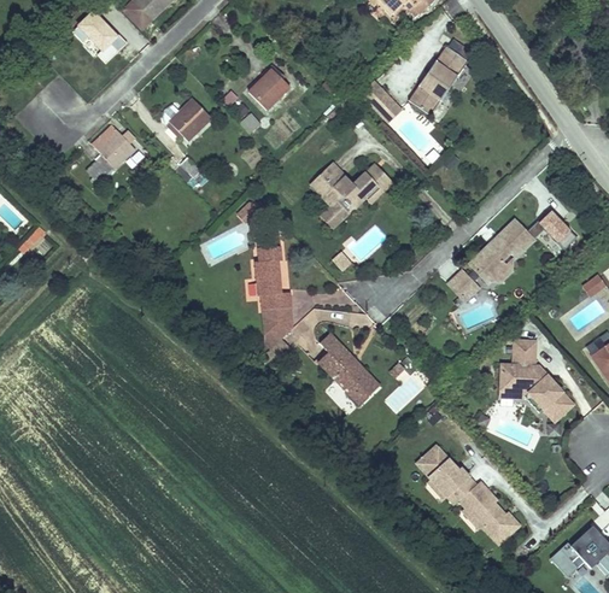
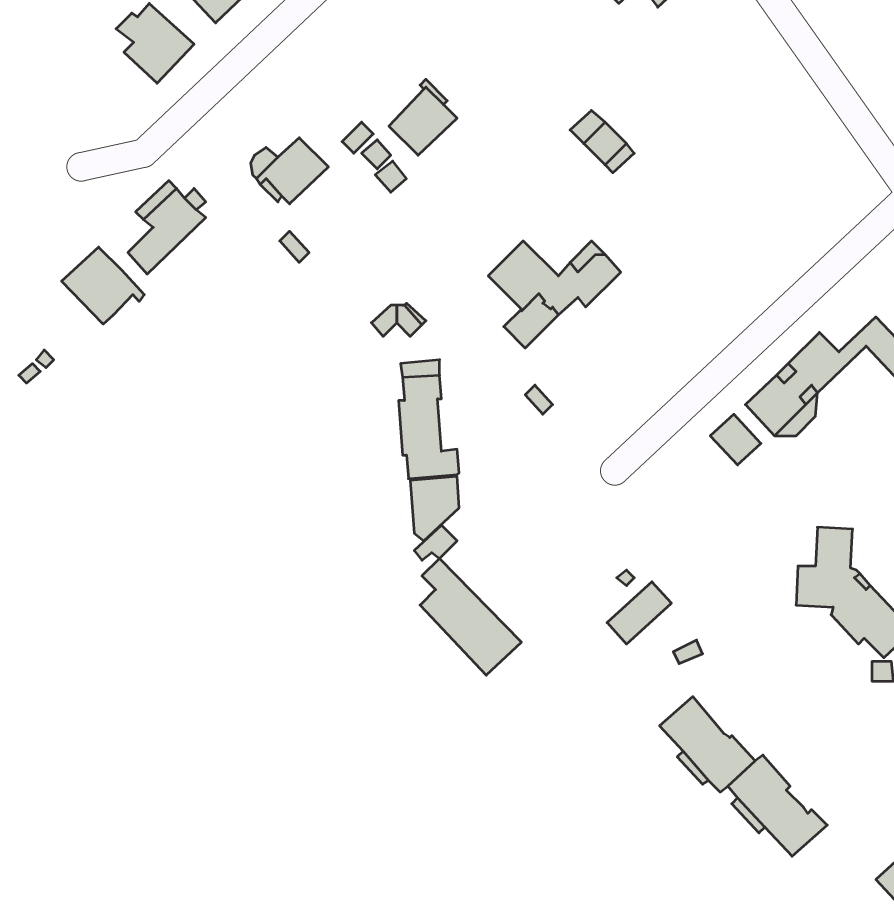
building: [406,46,467,116] -> none
building: none -> [62,247,144,324]
building: [317,333,380,405] -> [420,558,521,675]

